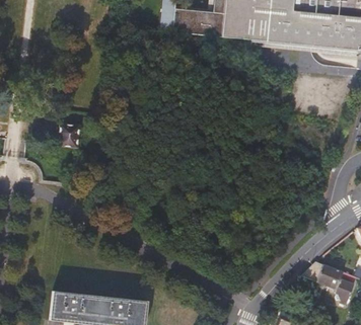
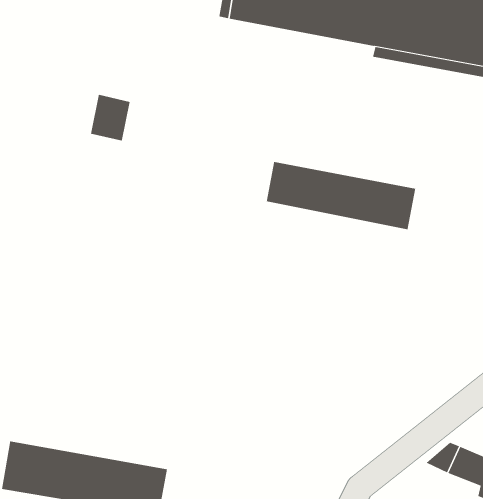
building: none -> [266,161,416,230]
building: [61,120,83,147] -> [90,94,131,141]

